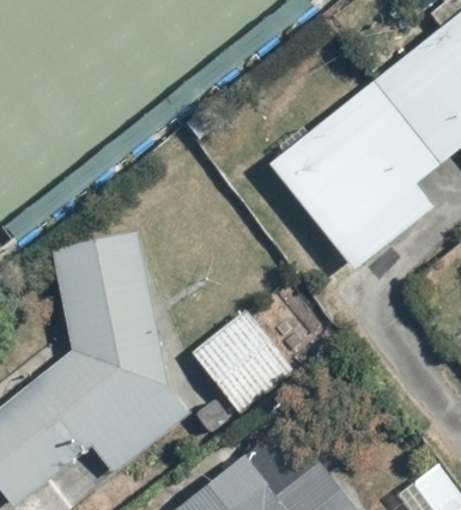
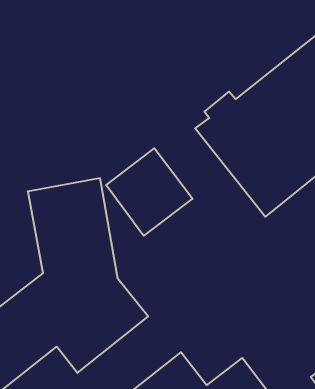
building: [190,306,301,418] -> [106,148,193,236]

